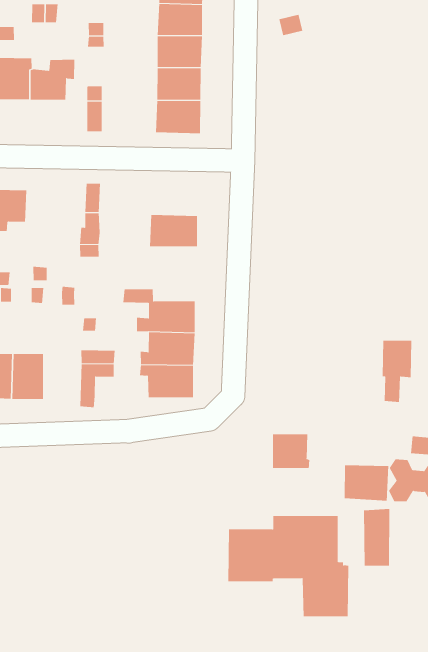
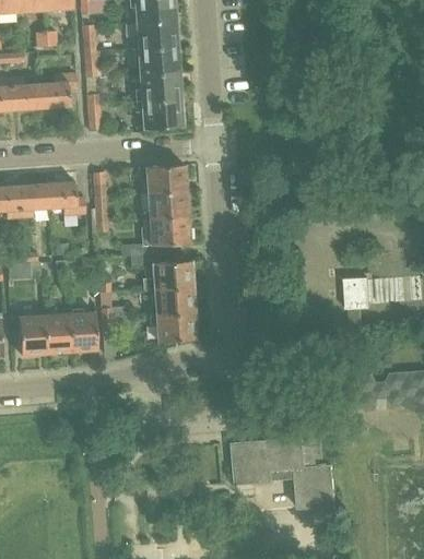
building: none -> [144,165,185,193]
building: none -> [45,180,83,215]
building: none -> [120,216,189,255]
building: none -> [70,312,98,350]
building: [272,433,310,469] -> none
building: [344,464,389,501] -> none
building: [363,508,390,566] -> none

